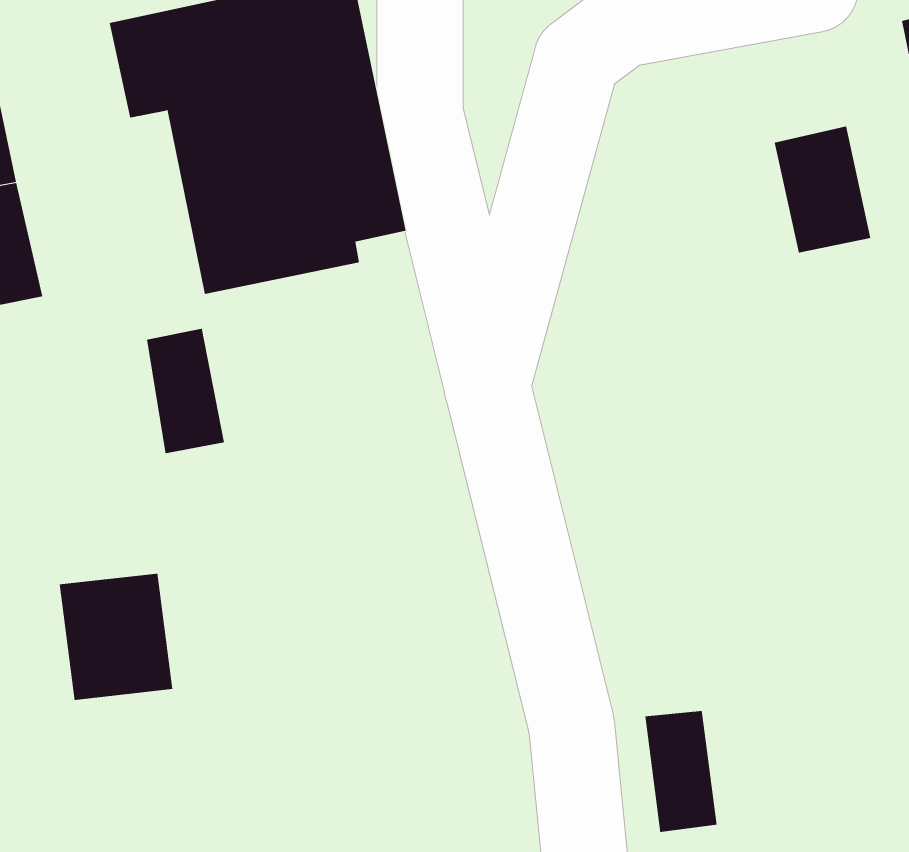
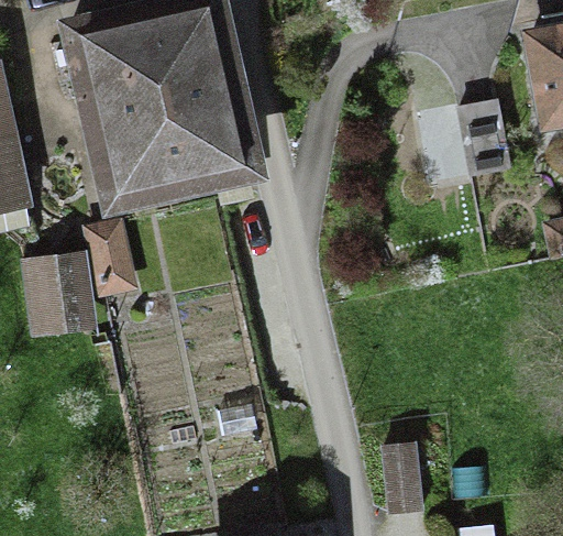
building: [59,573,173,700] -> [23,252,90,327]

